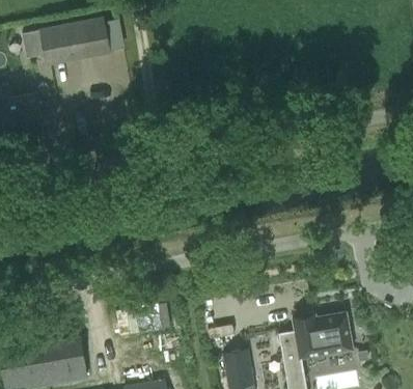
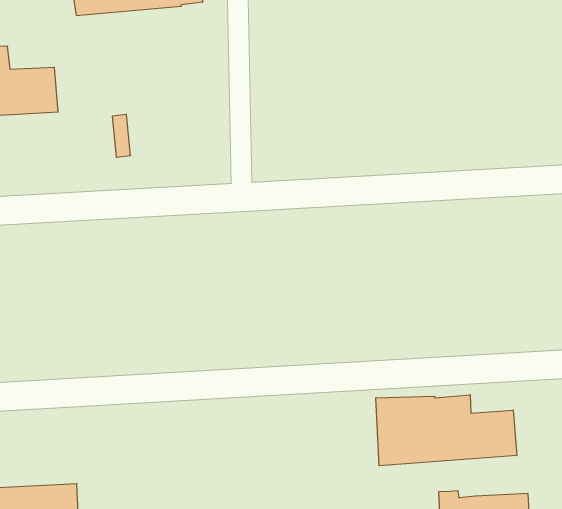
building: none -> [376,395,517,466]

